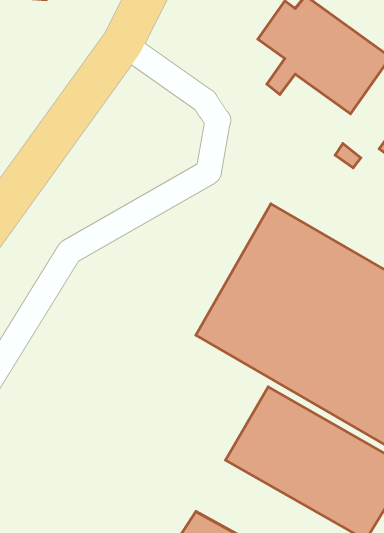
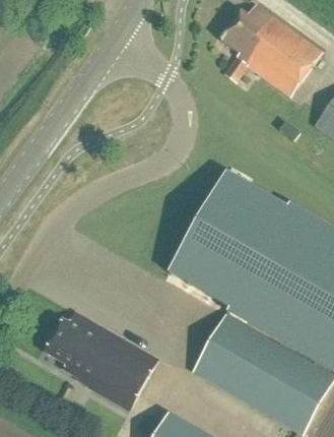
building: none -> [46,313,156,409]

